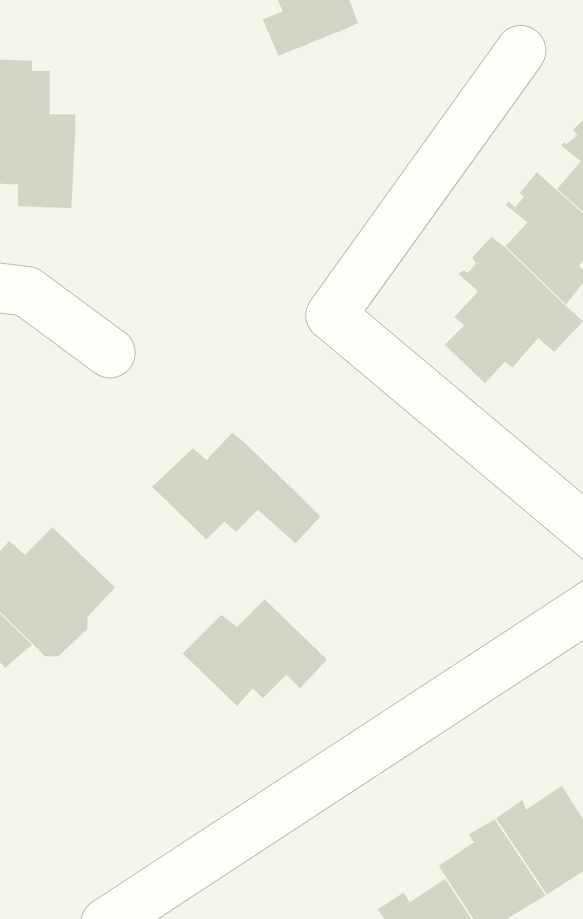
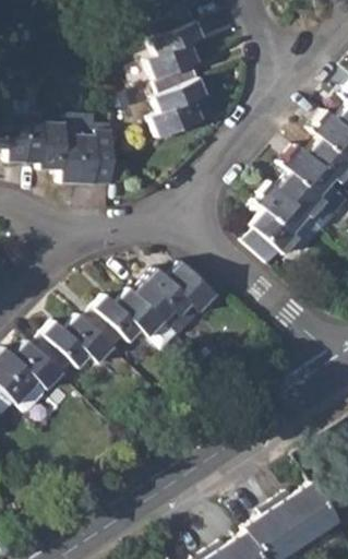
building: none -> [152,63,208,138]
building: none -> [43,111,116,185]
building: none -> [137,260,218,334]
building: [182,598,328,707] -> [36,313,117,373]

